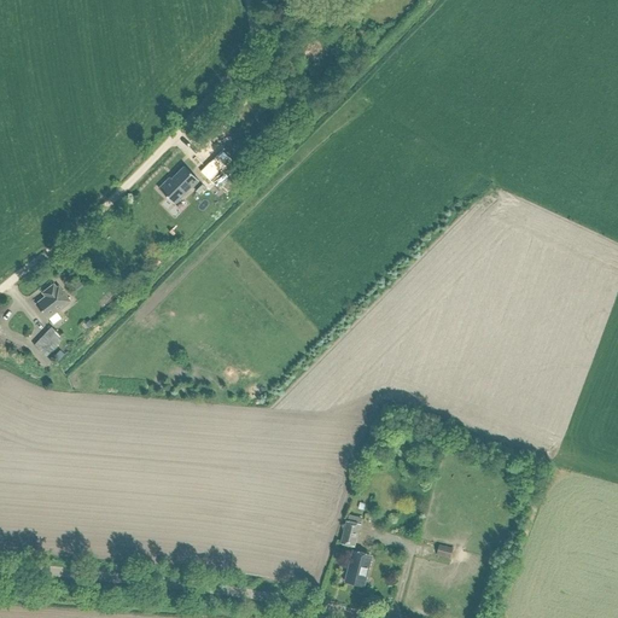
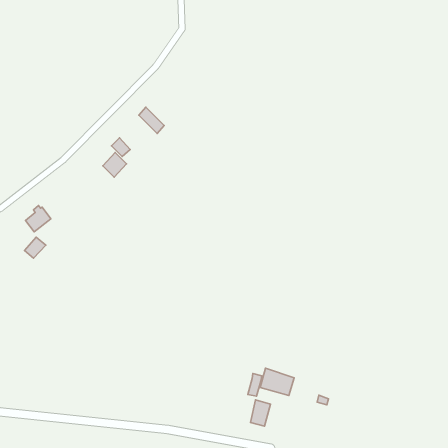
building: [162,163,194,197] -> [103,153,126,177]
building: none -> [260,368,294,395]

